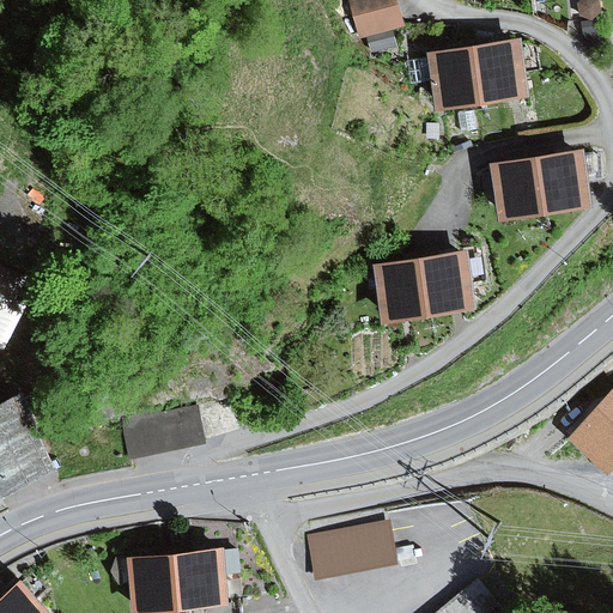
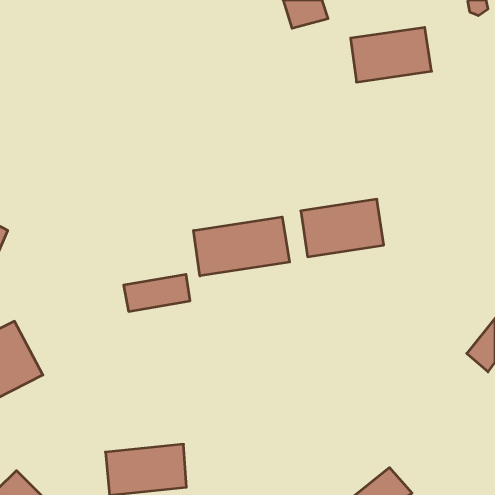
building: [488,150,589,221] -> none
building: none -> [194,217,290,276]
building: [120,412,201,457] -> [124,274,190,311]
building: [306,526,392,581] -> none

